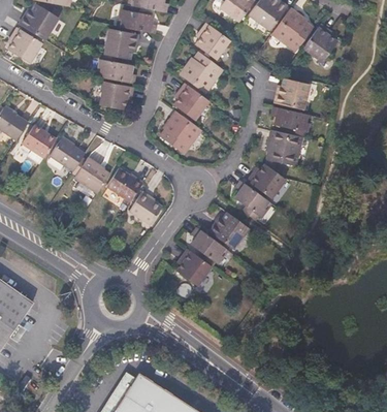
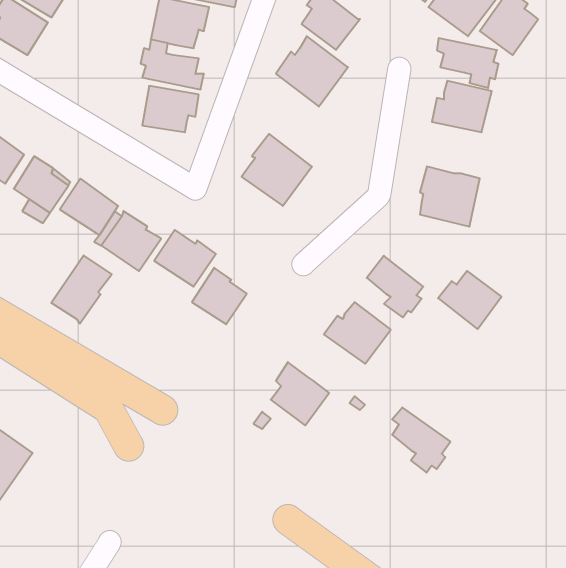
building: [173,84,208,121] -> none
building: [271,107,309,137] -> [437,38,499,88]
building: [247,164,285,199] -> [438,271,501,329]
building: none -> [51,255,112,324]
building: [191,227,226,266] -> [392,407,450,473]

